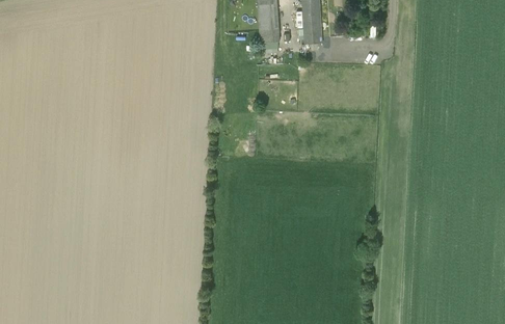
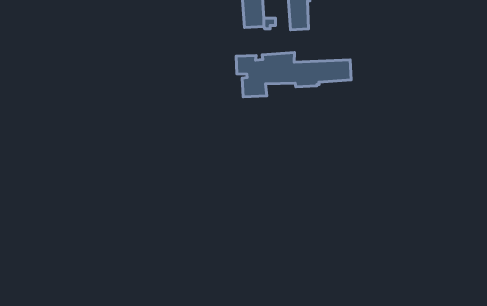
building: none -> [236,53,351,97]

